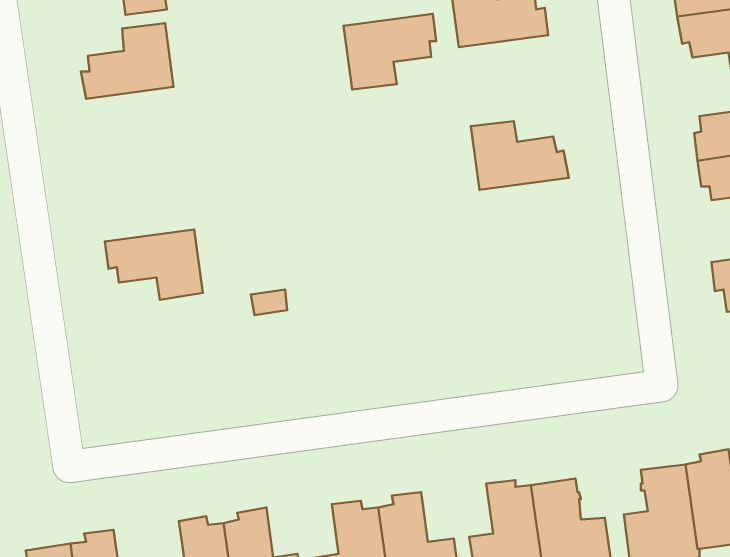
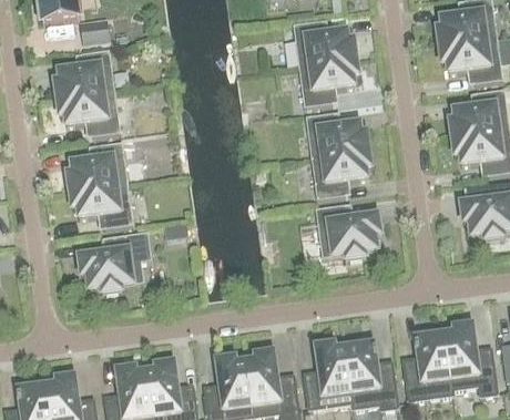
building: [344,14,436,89] -> [297,57,357,105]
building: none -> [57,90,120,135]
building: none -> [67,141,126,189]
building: none -> [310,148,370,197]
building: none -> [315,204,379,258]
building: none -> [78,231,151,291]

